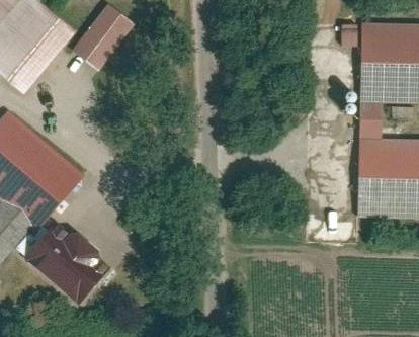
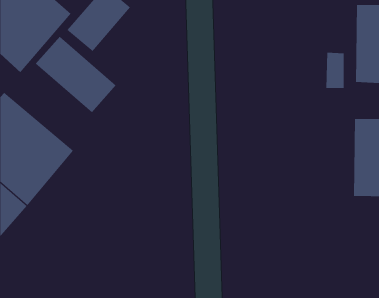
building: none -> [35,36,116,113]
building: [359,101,379,138] -> [325,52,345,88]
building: [23,222,110,306] -> none

